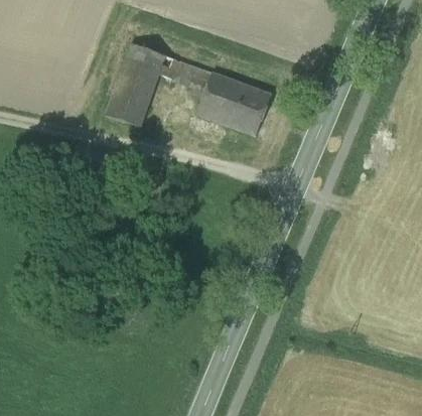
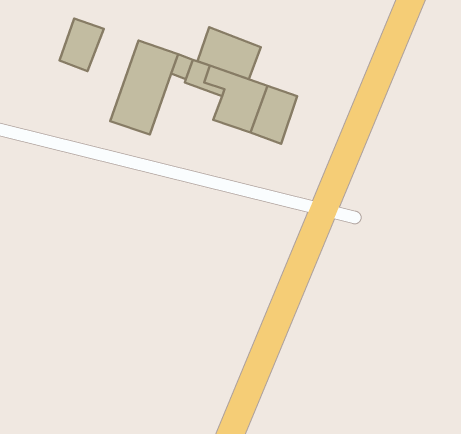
building: none -> [59,19,104,71]
building: none -> [197,27,261,79]

